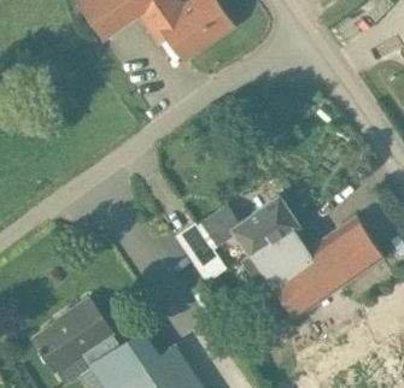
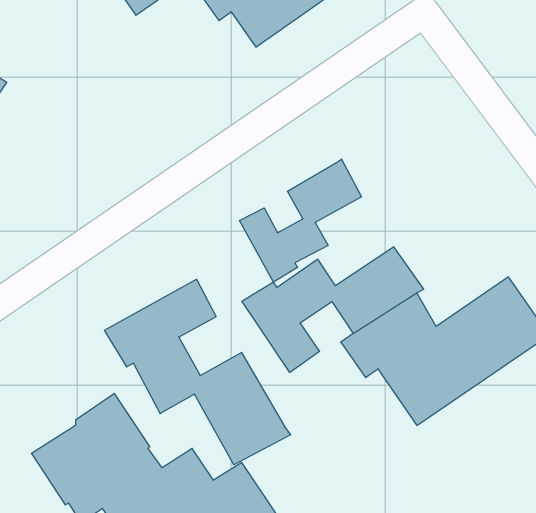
building: none -> [239,159,361,282]
building: none -> [104,279,291,465]

